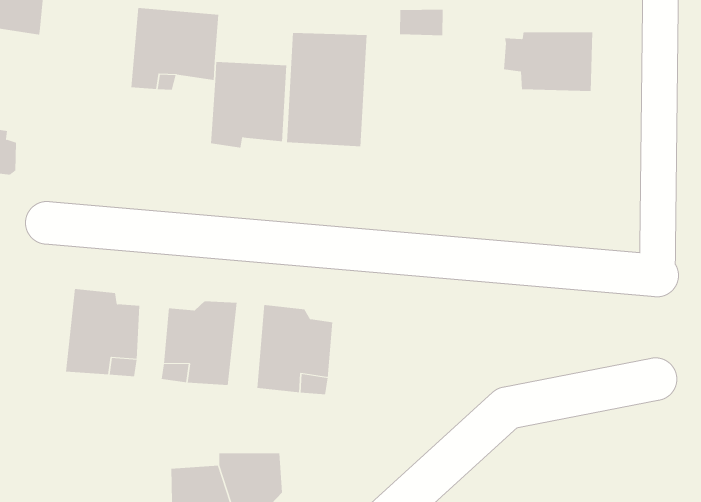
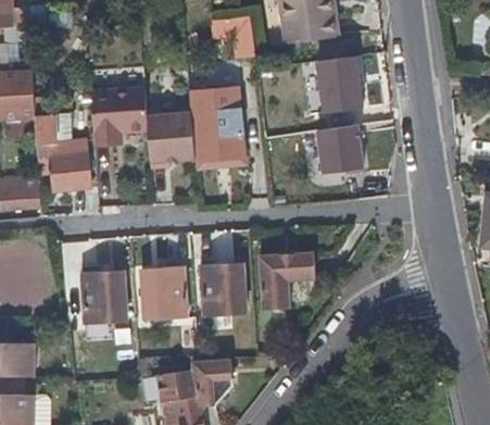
building: none -> [36,114,91,189]
building: none -> [317,124,375,177]
building: none -> [260,253,315,312]

